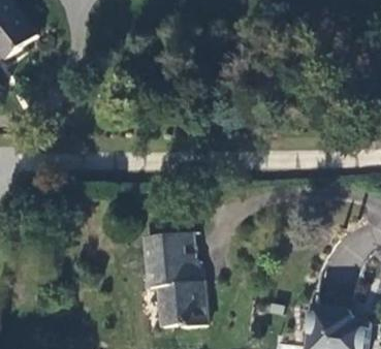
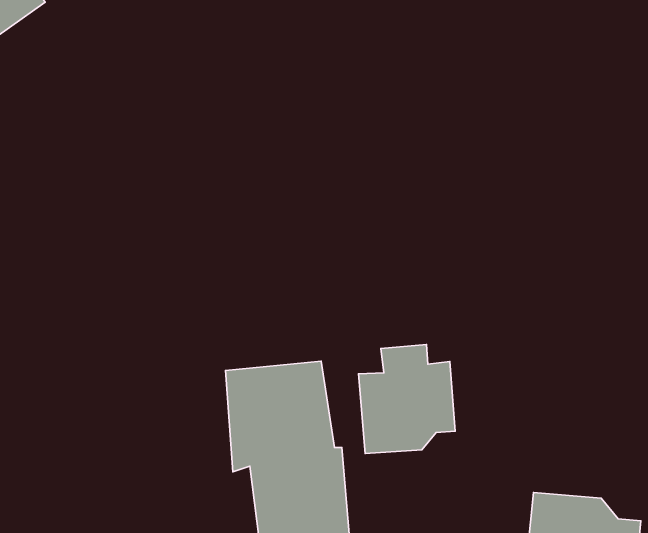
building: none -> [358,345,455,454]

